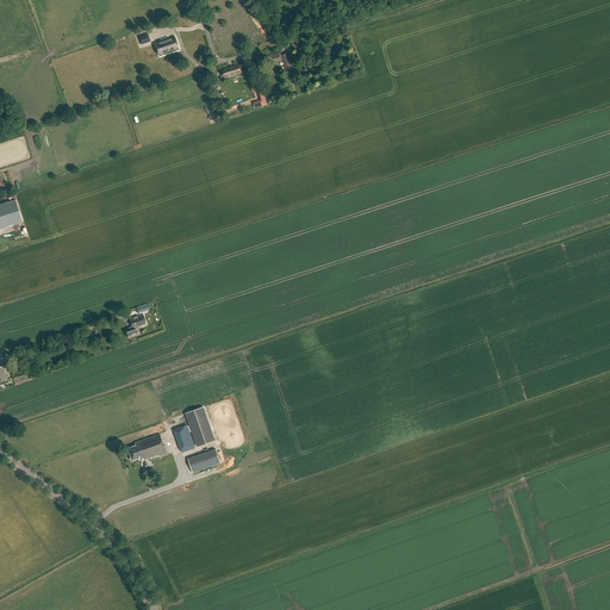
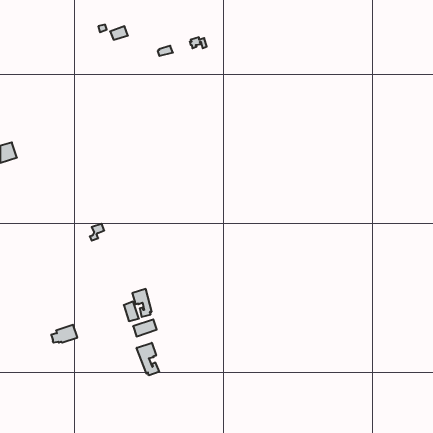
building: [129,435,166,460] -> [51,325,77,343]
building: none -> [137,343,159,375]

